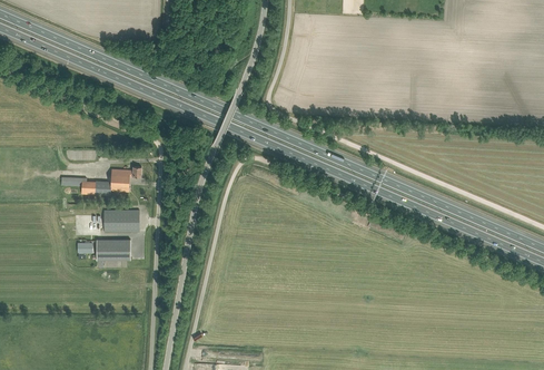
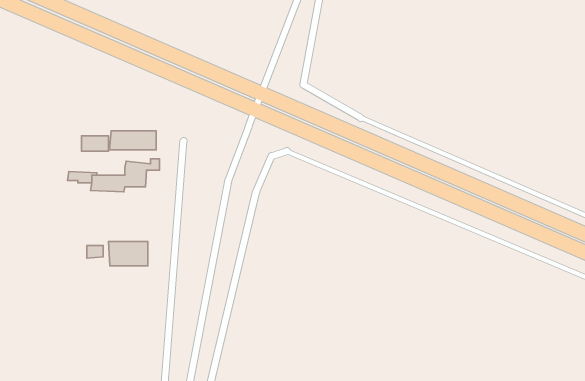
building: none -> [110,131,156,150]
building: [103,210,138,232] -> none

